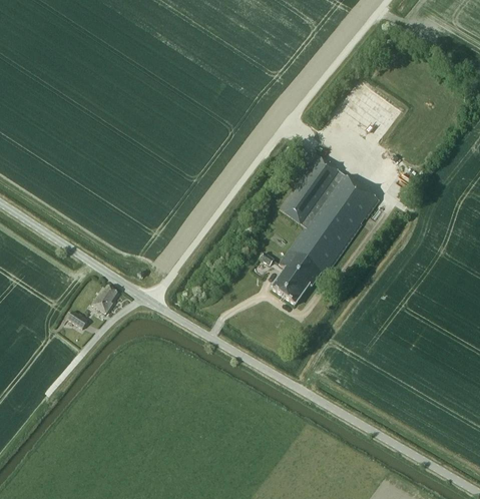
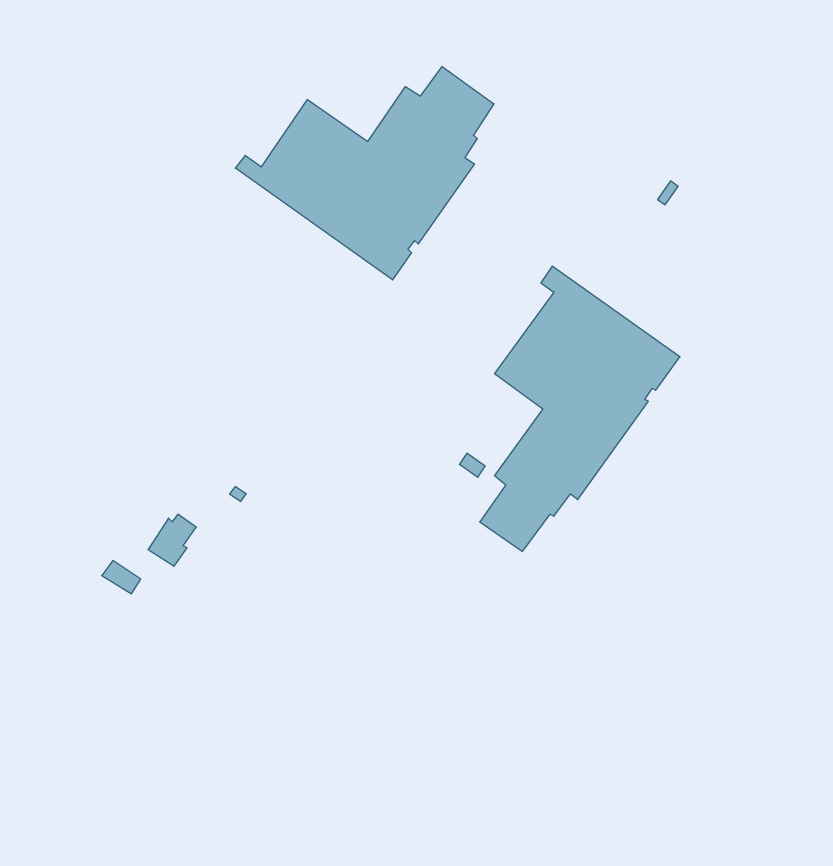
building: none -> [235,66,494,280]

